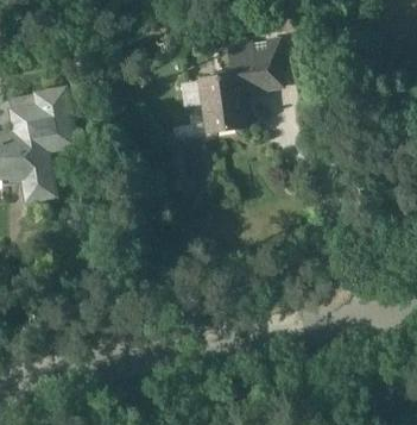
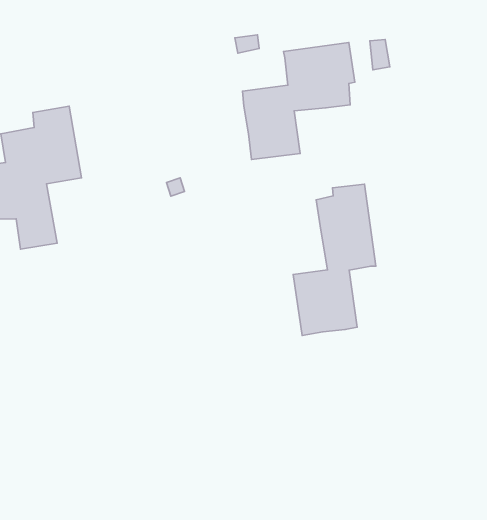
building: none -> [293,184,376,335]

